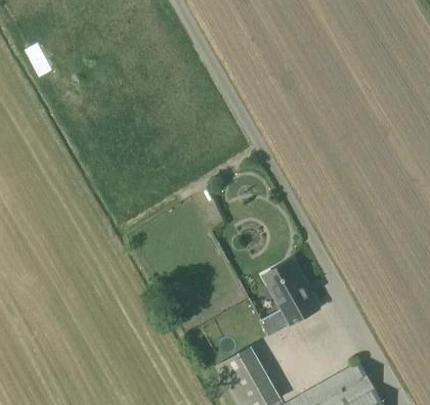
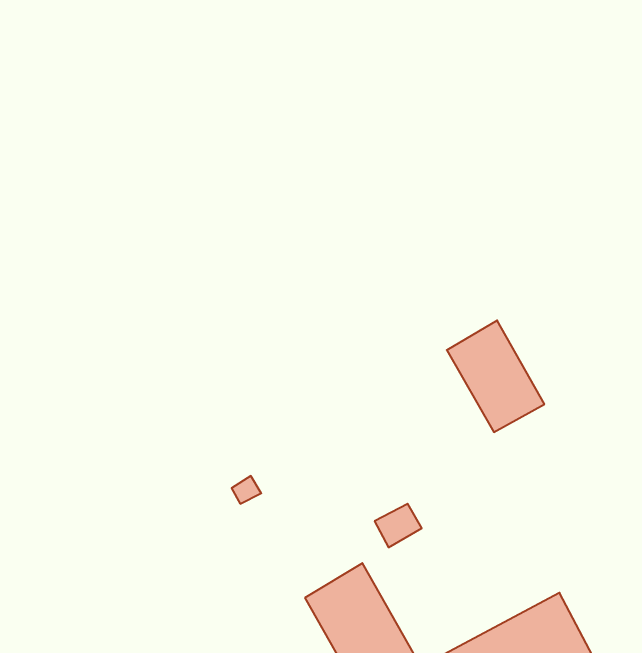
building: [264,261,321,326] -> [447,320,544,432]

